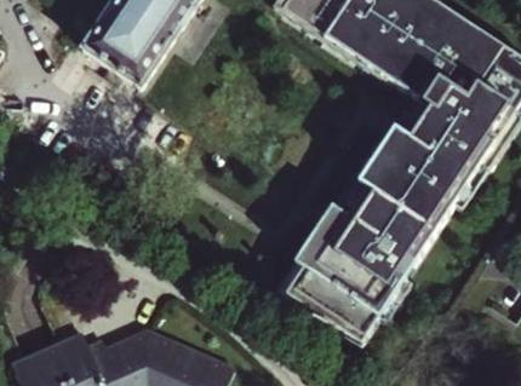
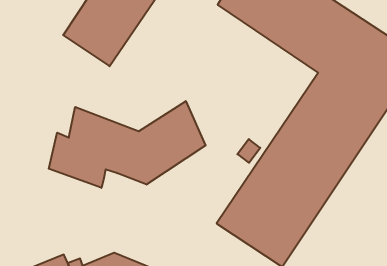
building: none -> [49,101,206,188]

